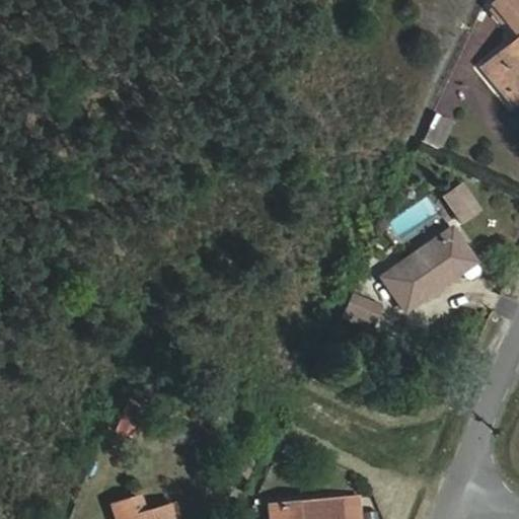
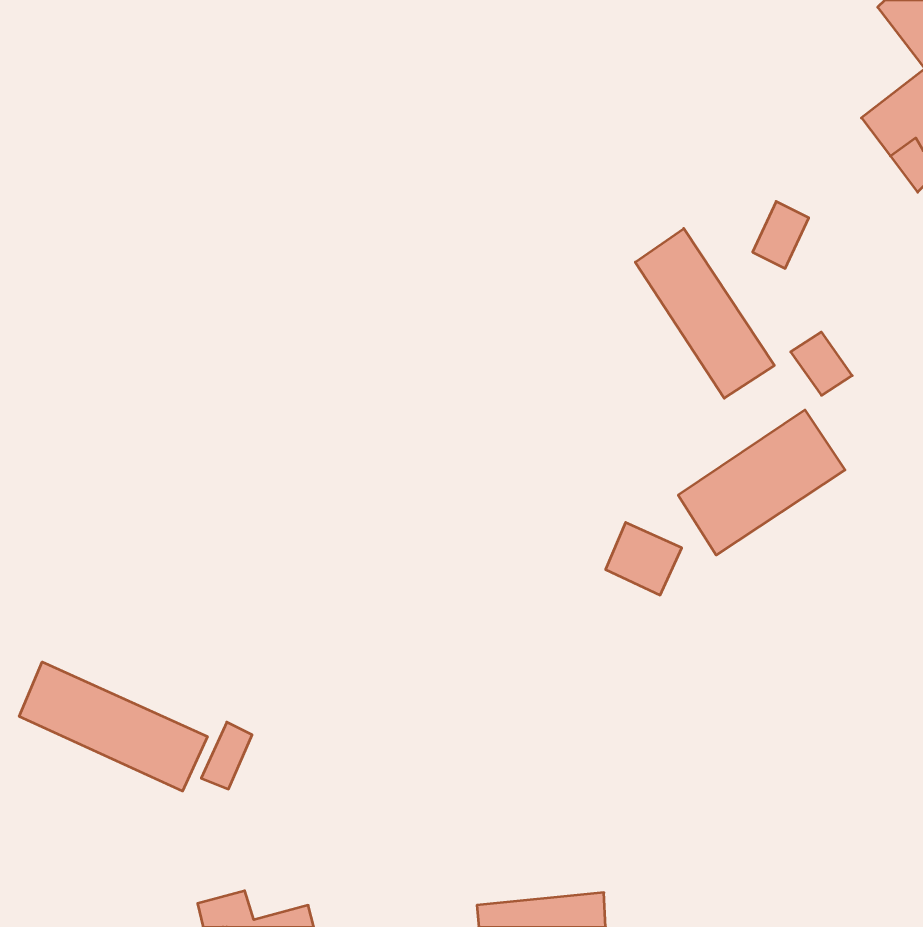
building: none -> [635,228,774,398]
building: none -> [19,662,207,791]

